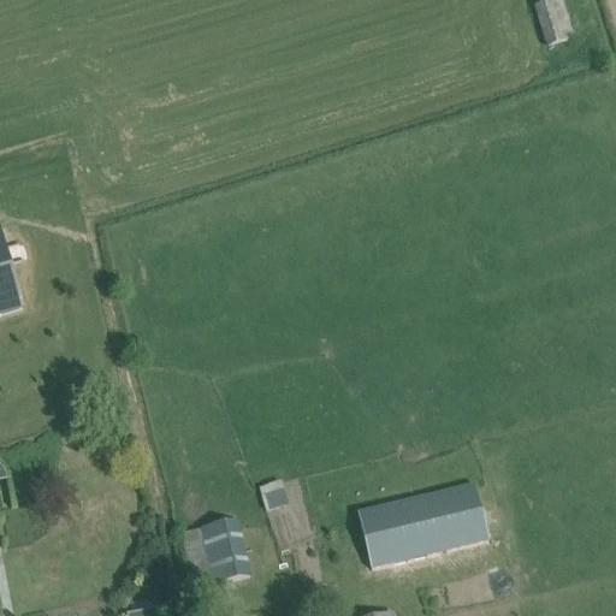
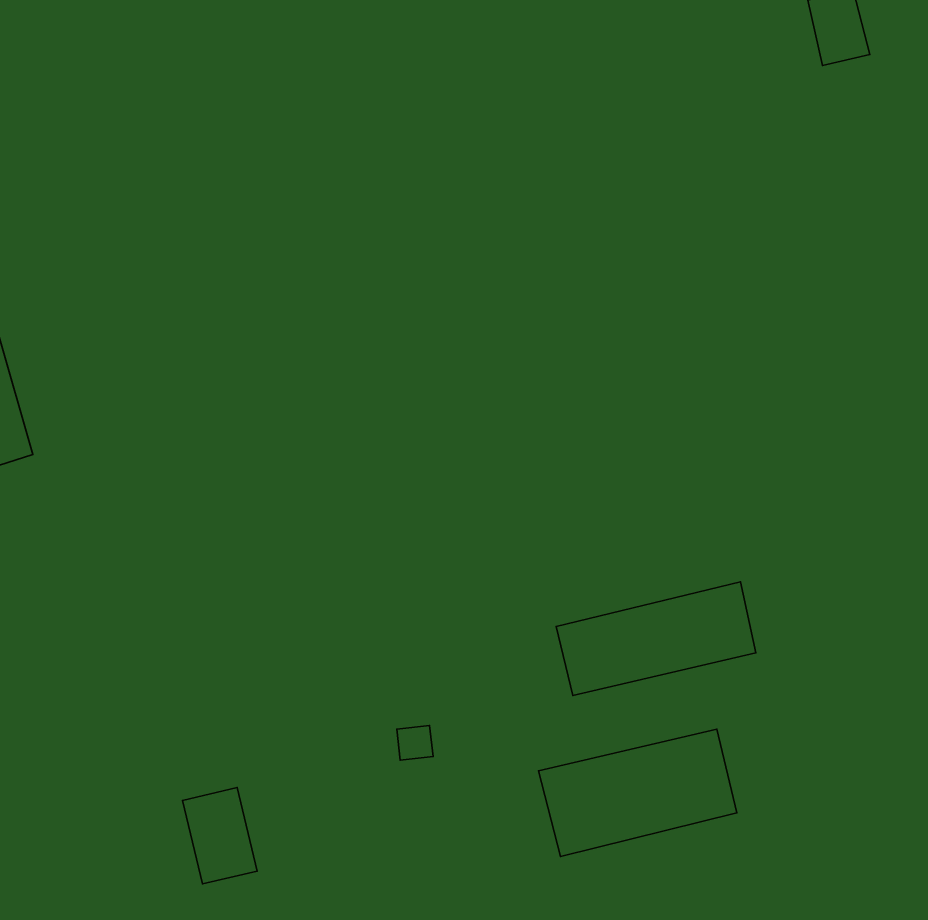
building: none -> [556,582,756,696]
building: [200,517,249,581] -> [183,788,257,884]

